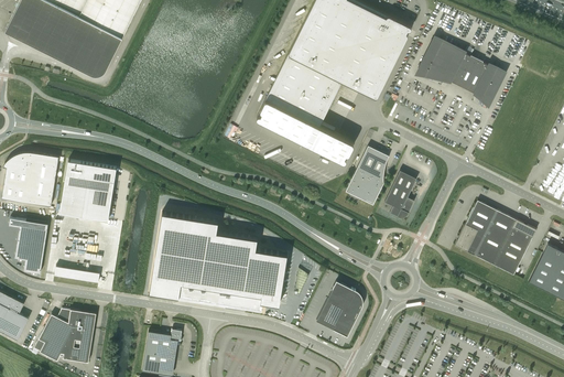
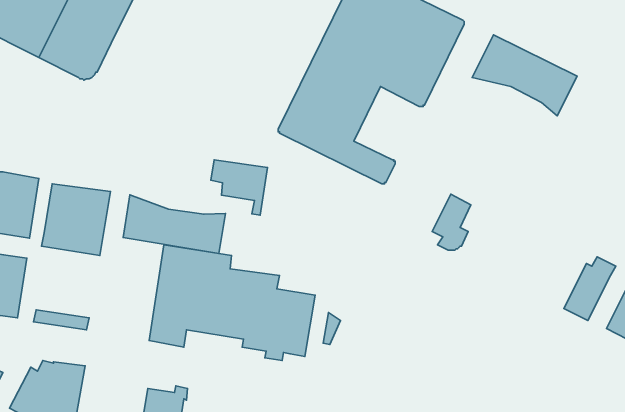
building: none -> [211,160,268,215]
building: [346,147,389,205] -> none
building: none -> [123,195,225,253]
building: [455,203,521,266] -> none
building: [316,281,362,336] -> none

